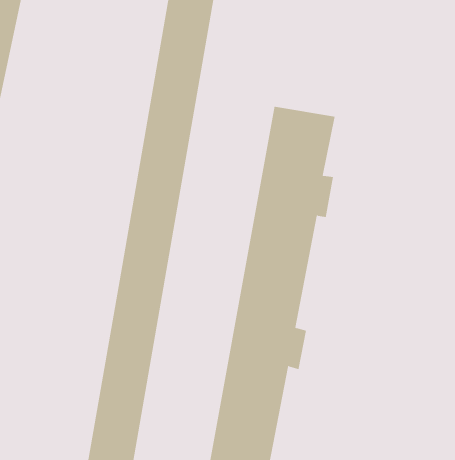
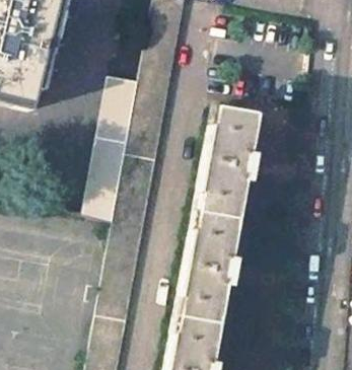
building: none -> [85,75,135,221]

